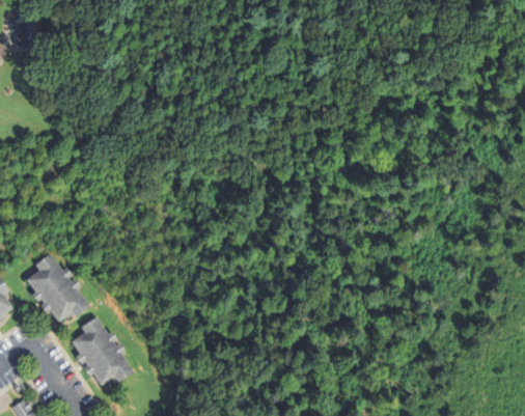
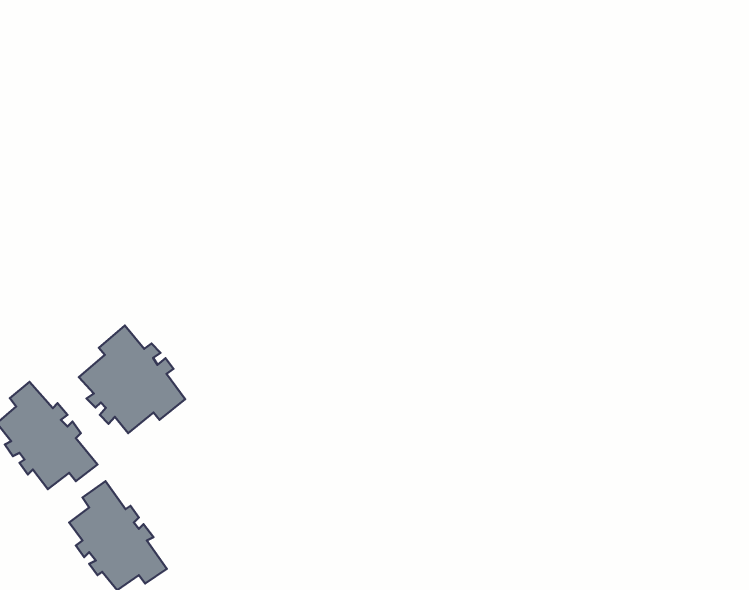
building: none -> [79,325,185,433]

